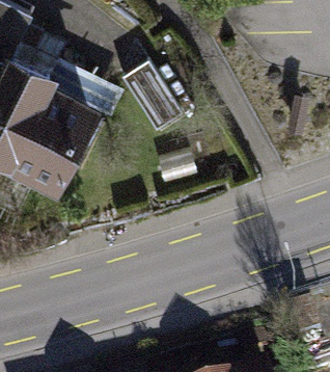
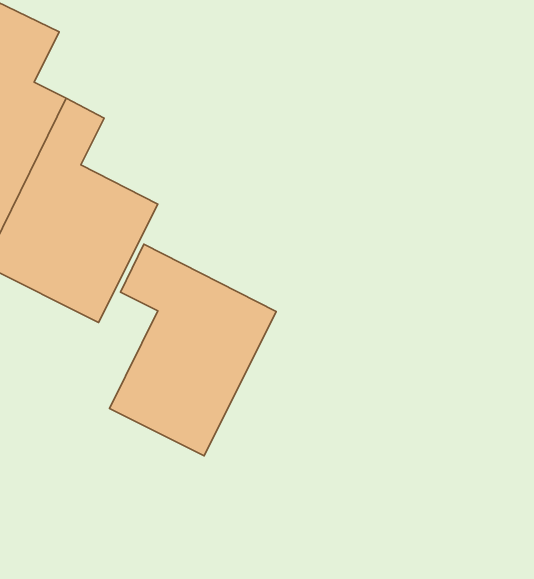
building: none -> [110,244,276,456]

